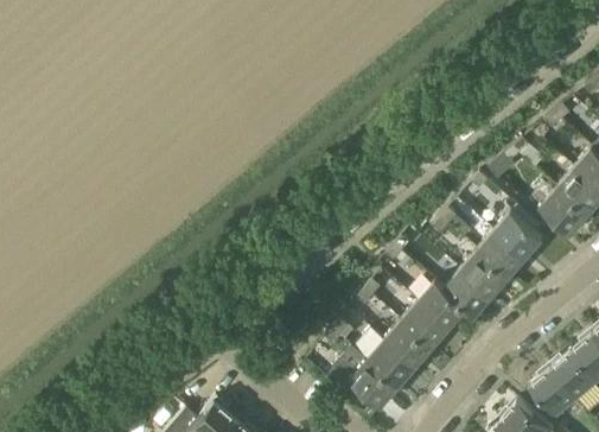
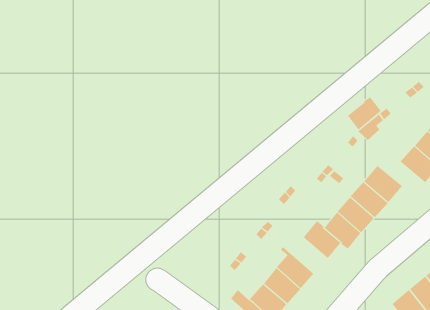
building: none -> [347,96,382,130]
building: [402,300,451,347] -> none

